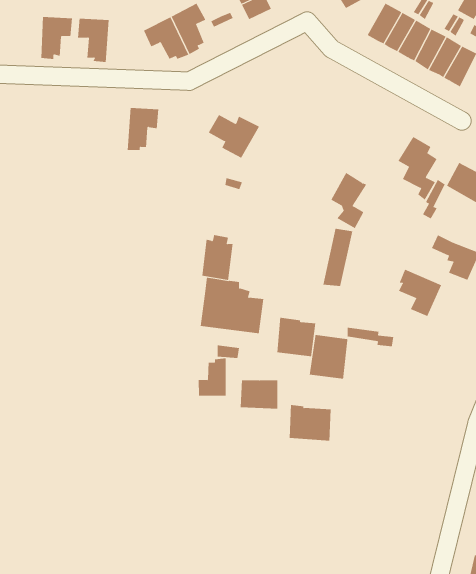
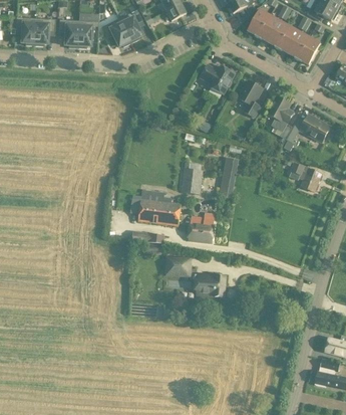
building: none -> [14,17,34,45]
building: [127,107,159,150] -> [76,20,97,48]
building: [208,114,260,159] -> [200,64,234,93]
building: [331,172,367,229] -> [238,79,262,117]
building: [201,234,234,280] -> [181,164,202,194]
building: [398,269,442,317] -> none
building: [309,327,394,379] -> none
building: [198,358,226,397] -> none

